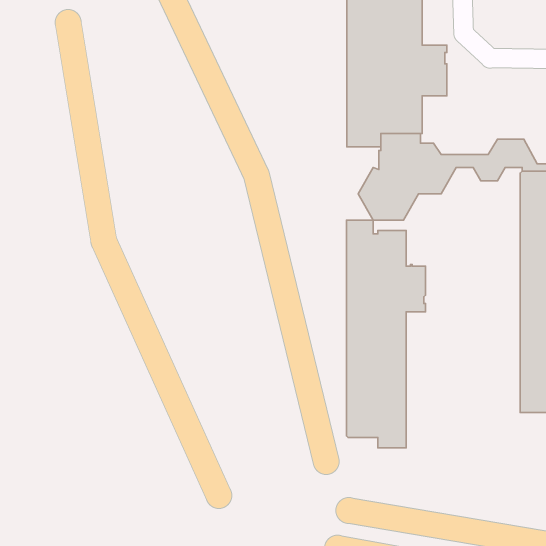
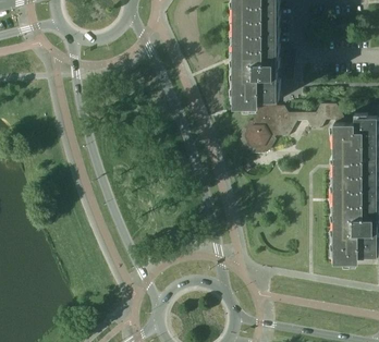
building: [347,220,425,448] -> none

